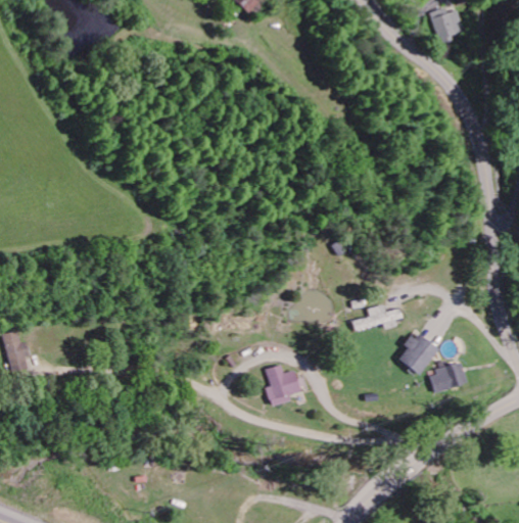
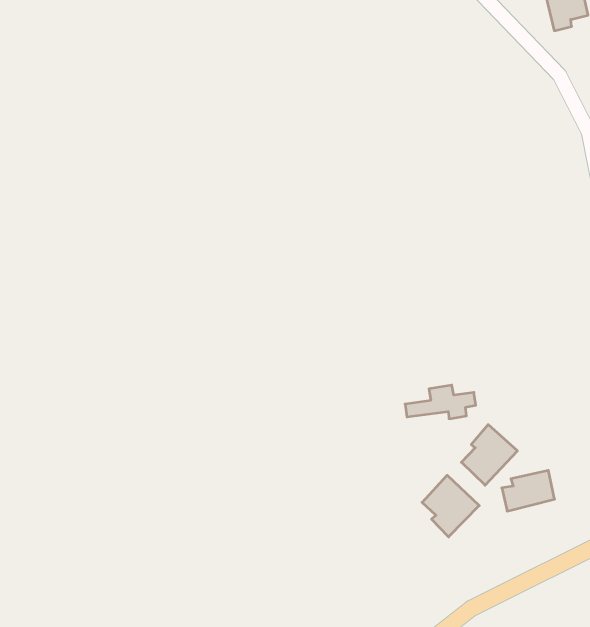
building: [266,366,302,407] -> none
building: none -> [422,475,479,537]

